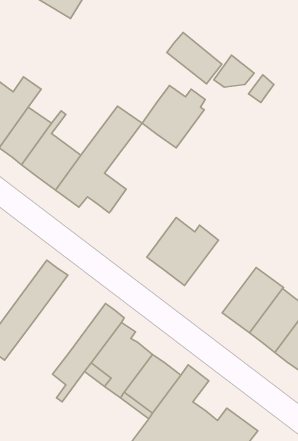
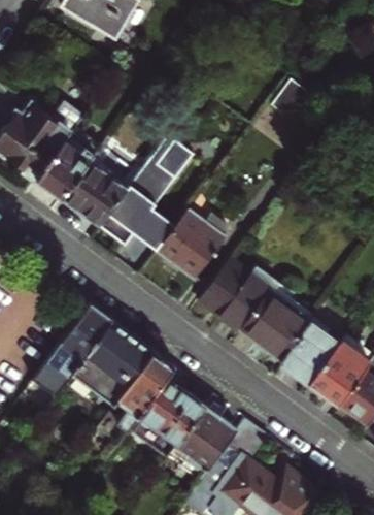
building: [167,33,222,84] -> none
building: [142,85,205,148] -> [159,210,228,278]
building: none -> [240,282,318,361]
building: none -> [72,320,154,406]

